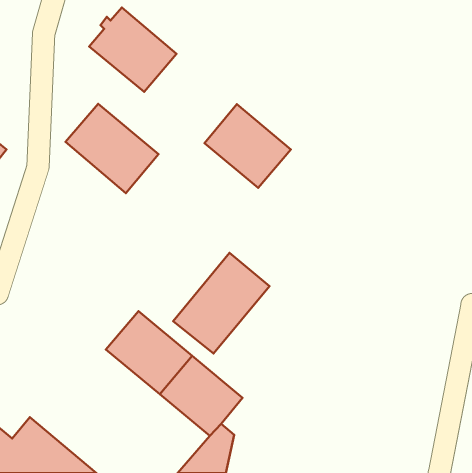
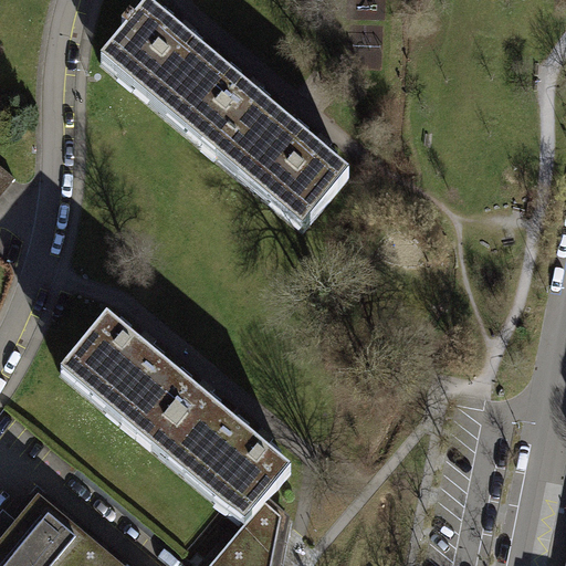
building: [66,104,158,193] -> [171,64,282,170]
building: [173,253,270,353] -> none
building: none -> [65,319,165,416]

